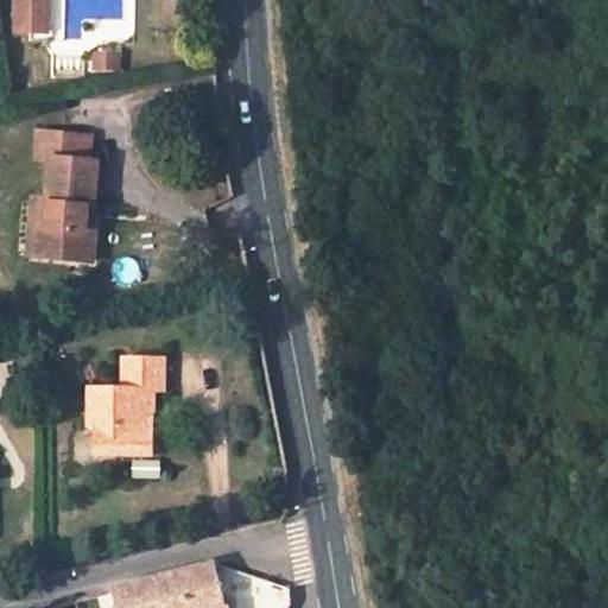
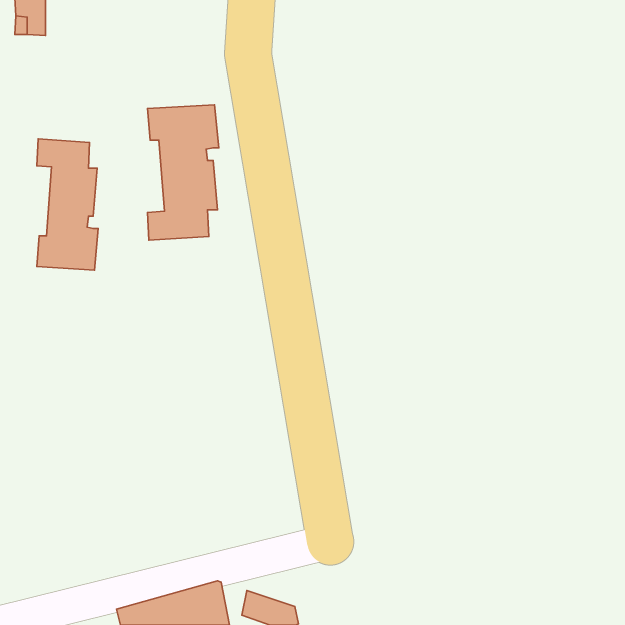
building: none -> [147,105,219,240]
building: [87,356,162,455] -> none

